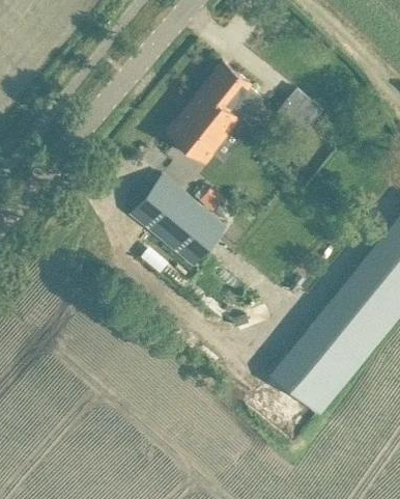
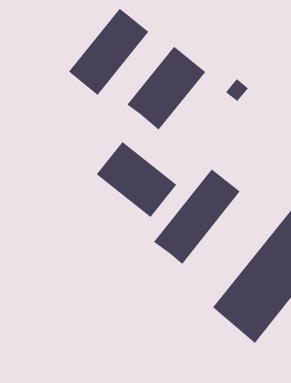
building: none -> [68,8,149,96]
building: none -> [153,169,241,265]

